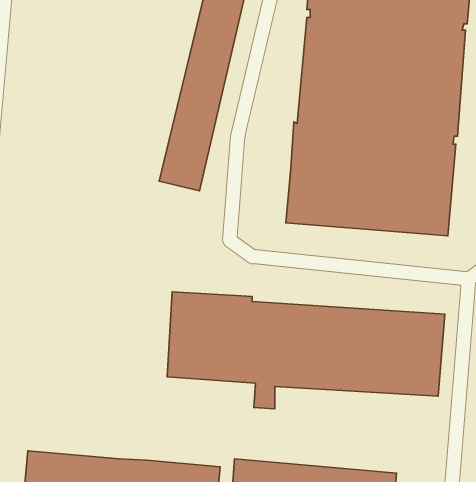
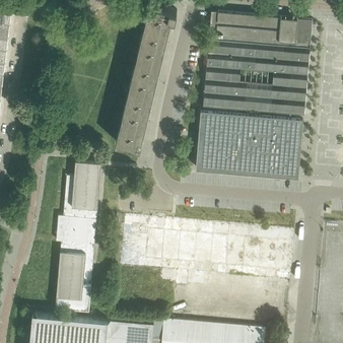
building: none -> [56,161,101,310]

